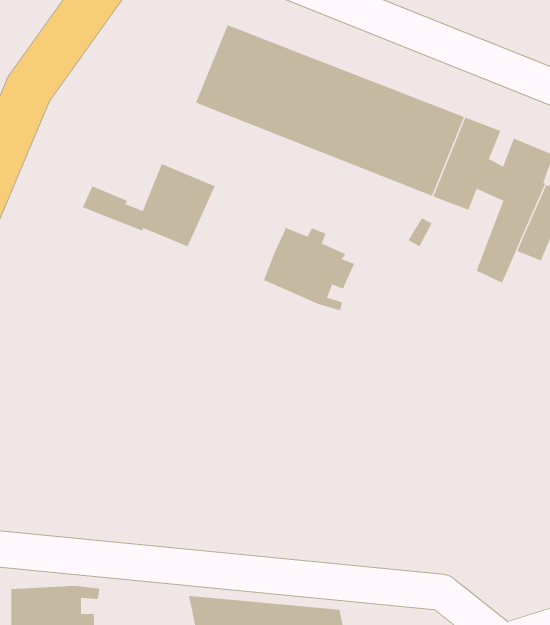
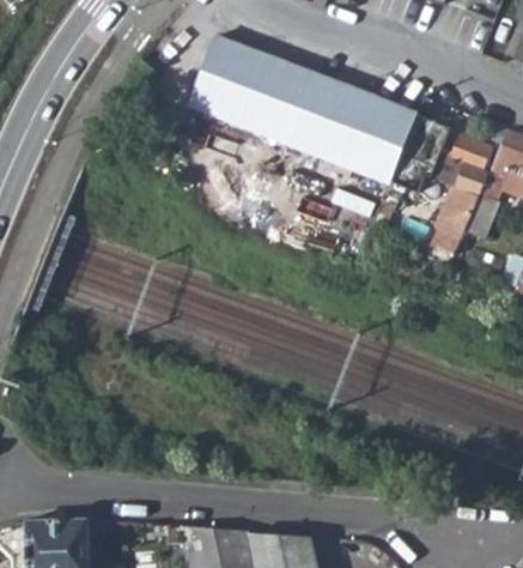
building: [82,163,216,247] -> none
building: [263,227,355,311] -> none

